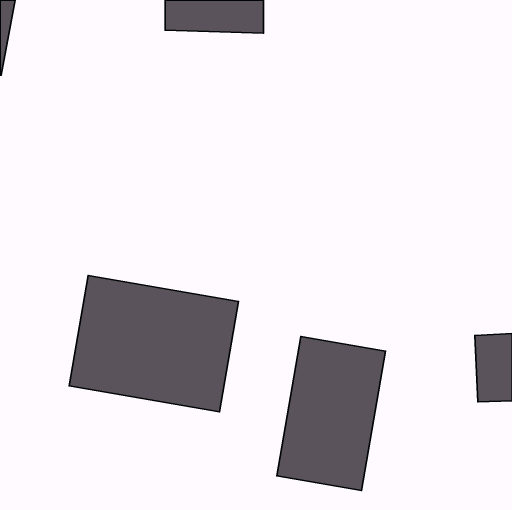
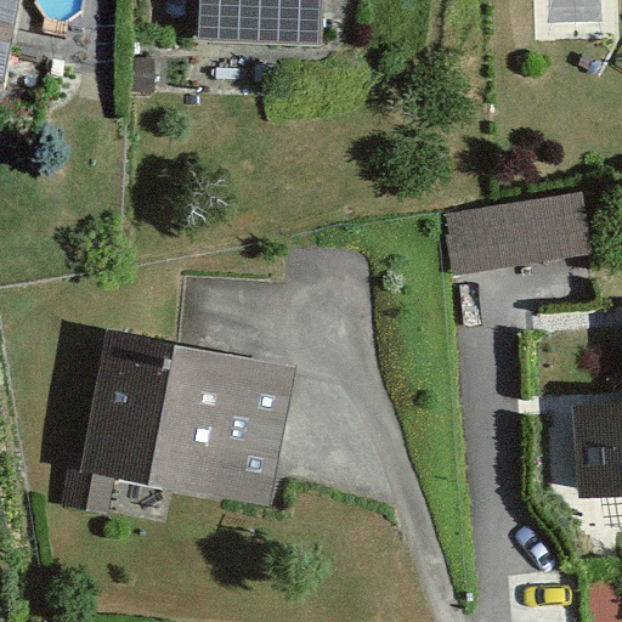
building: none -> [452,200,582,266]
building: [277,336,386,491] -> none

